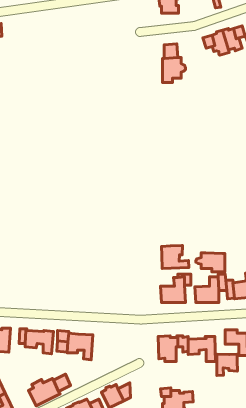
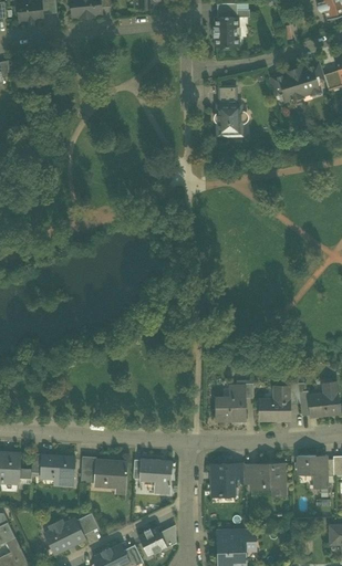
building: [161,246,189,268] -> none
building: [196,253,225,272] -> none
building: none -> [139,459,172,494]
building: [217,354,237,376] -> none

